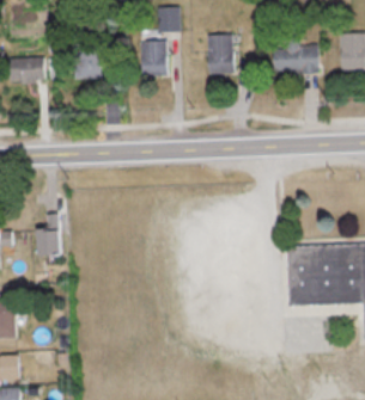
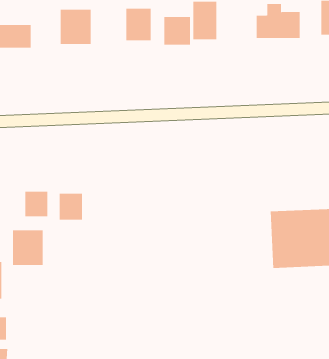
building: none -> [164,16,190,45]
building: none -> [59,193,82,221]
building: none -> [13,230,43,266]

